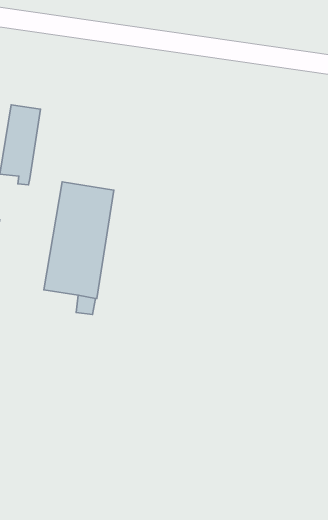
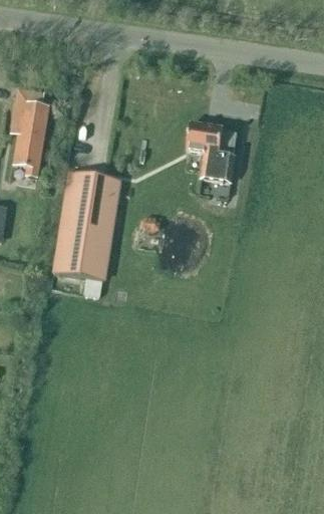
building: none -> [188,121,238,182]

